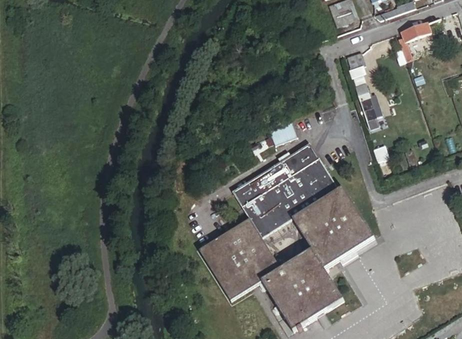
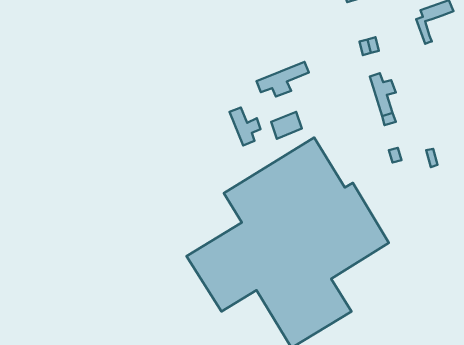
building: none -> [256,62,309,96]
building: none -> [229,107,261,145]

